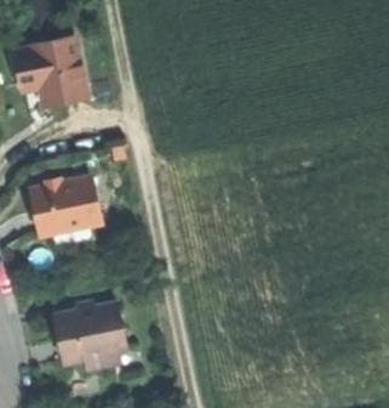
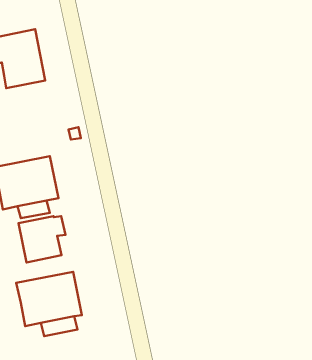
building: none -> [18,216,65,262]

